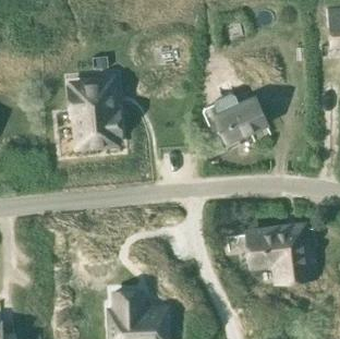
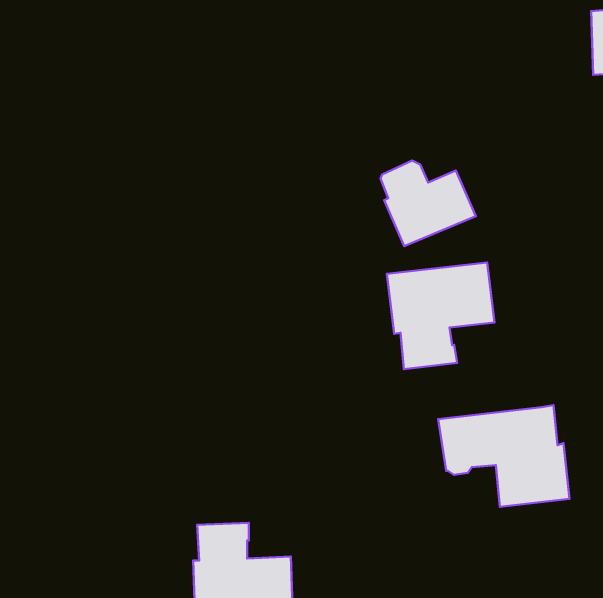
building: [69,78,119,145] -> none
building: none -> [387,262,494,369]

